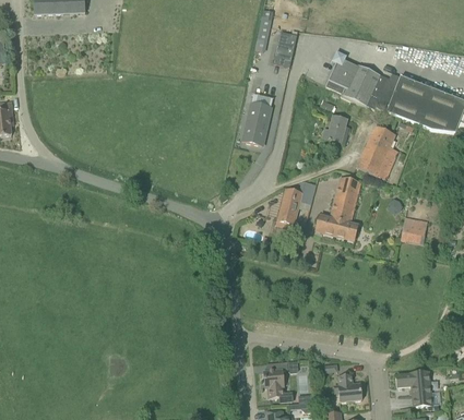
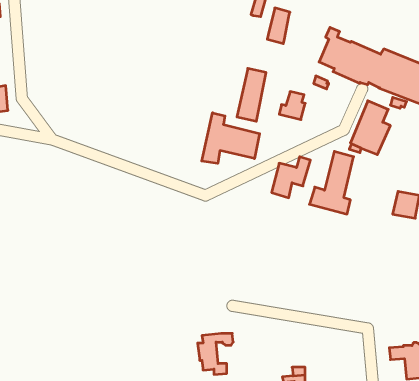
building: [322,115,348,143] -> [279,92,305,120]
building: none -> [202,113,260,163]
building: [263,360,299,401] -> [198,333,233,374]
building: [333,374,361,401] -> none

